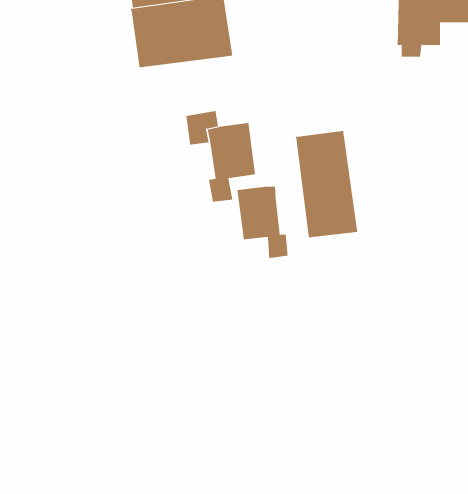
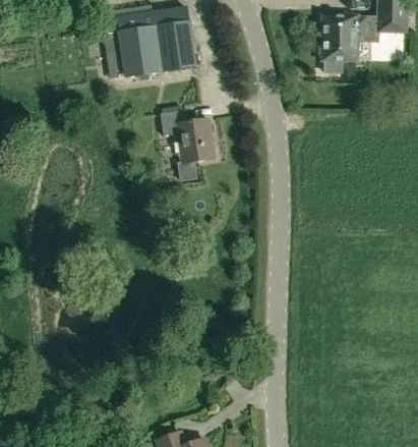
building: [295,130,358,238] -> none
building: [237,186,288,259] -> none

